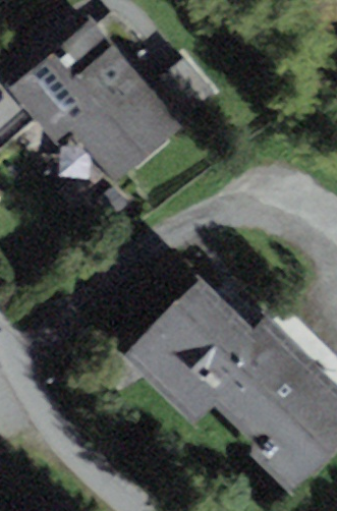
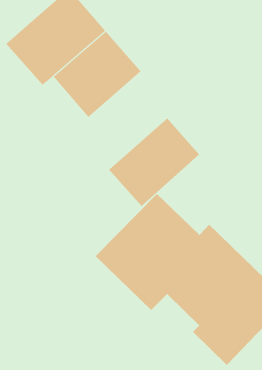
building: none -> [108,117,200,207]

